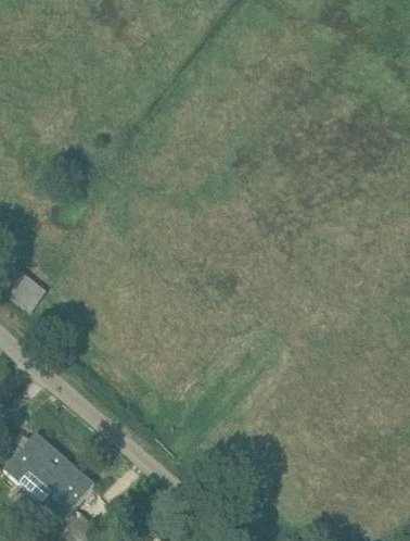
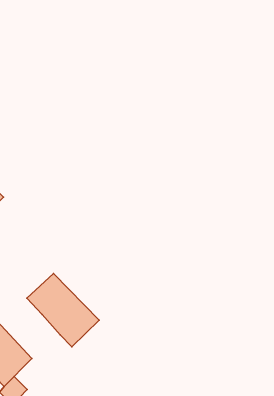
building: none -> [27,274,99,347]

